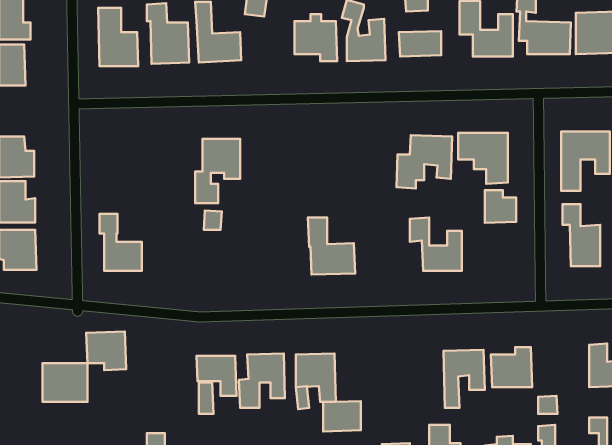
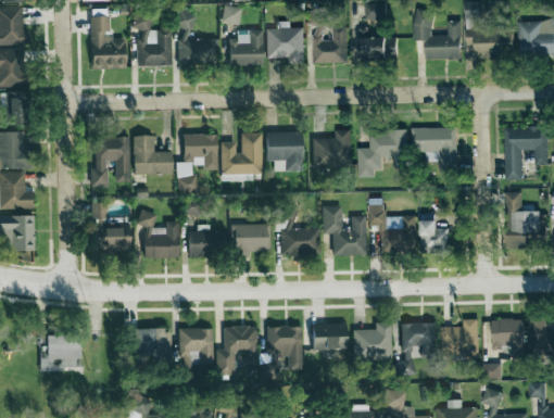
building: none -> [229,30,264,65]
building: none -> [7,91,28,125]
building: none -> [313,130,351,167]
building: none -> [266,131,303,170]
building: none -> [221,132,262,174]
building: none -> [134,135,173,175]
building: none -> [90,137,130,187]
building: [485,190,516,223] -> [420,221,449,251]
building: none -> [323,205,366,255]
building: none -> [139,212,178,257]
building: none -> [232,224,270,257]
building: none -> [189,225,221,256]
building: [86,332,126,370] -> [136,328,172,363]
building: none -> [492,319,525,359]
building: none -> [353,321,392,358]
building: [323,401,361,431] -> [313,322,347,350]

